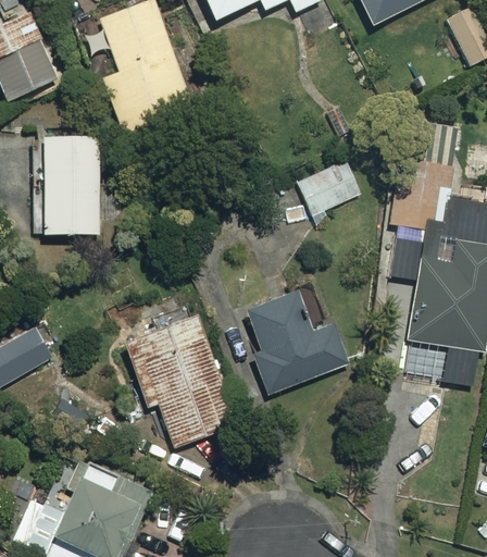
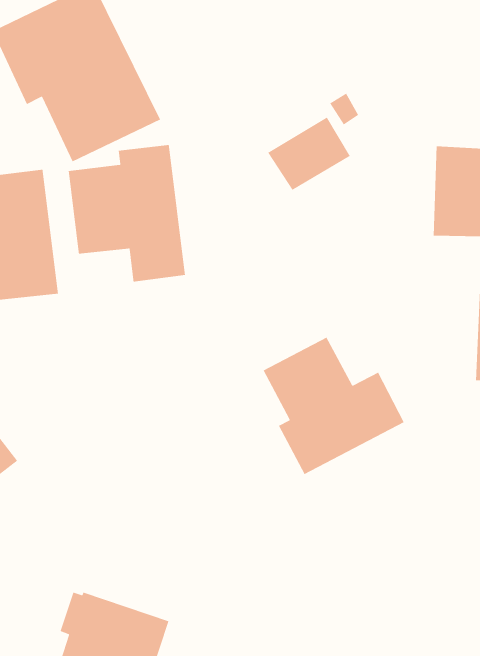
building: none -> [68,144,186,282]
building: [296,161,359,214] -> [267,116,351,191]
building: [124,314,238,447] -> none

